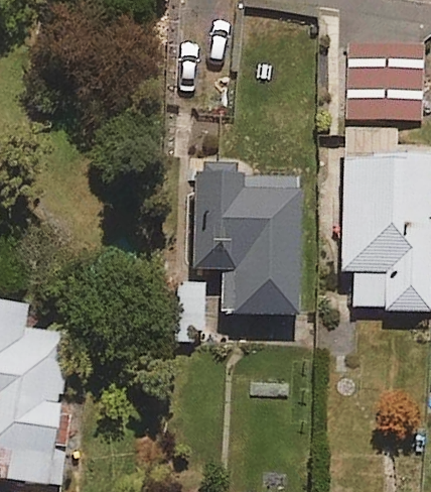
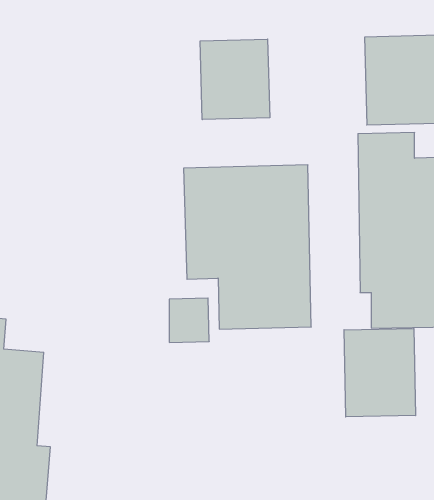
building: none -> [200,39,270,120]
building: none -> [344,328,416,417]

